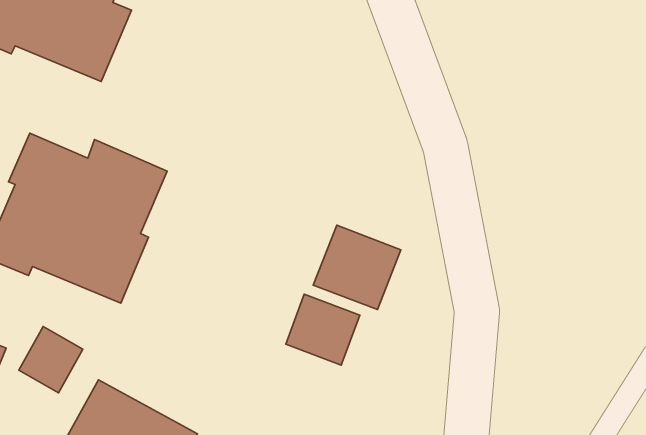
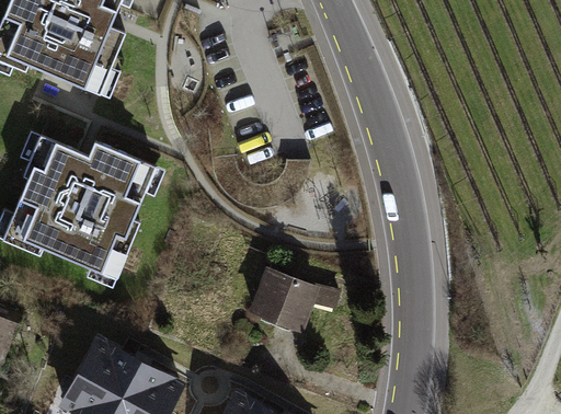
building: [313,225,401,310] -> none
building: [19,327,83,393] -> none

